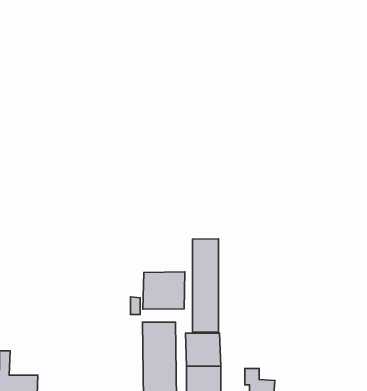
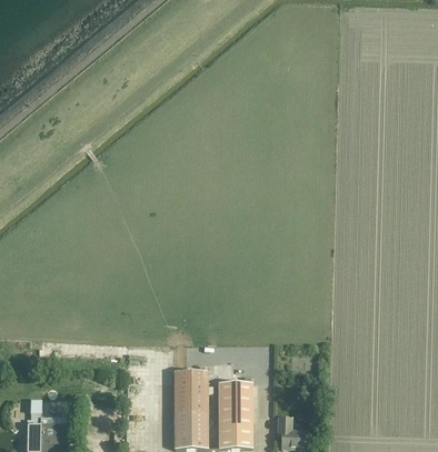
building: [193,239,219,332] -> none
building: [143,272,185,309] -> none

